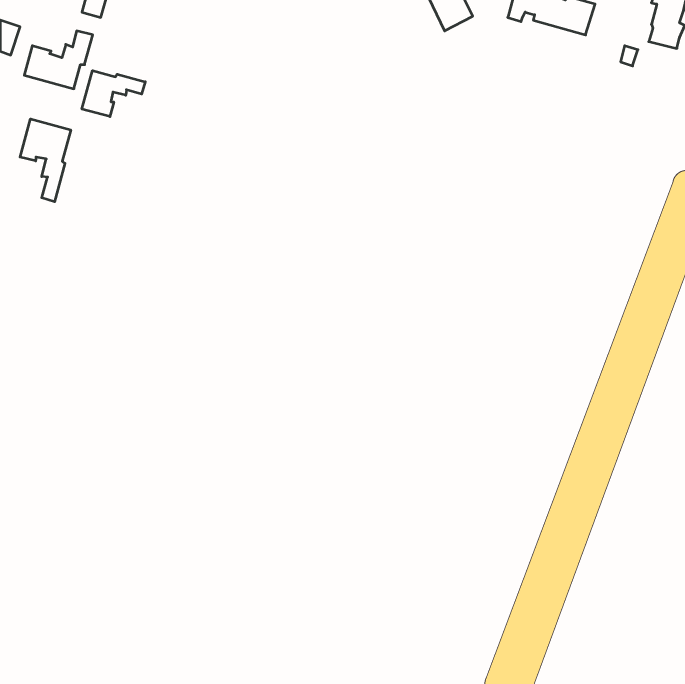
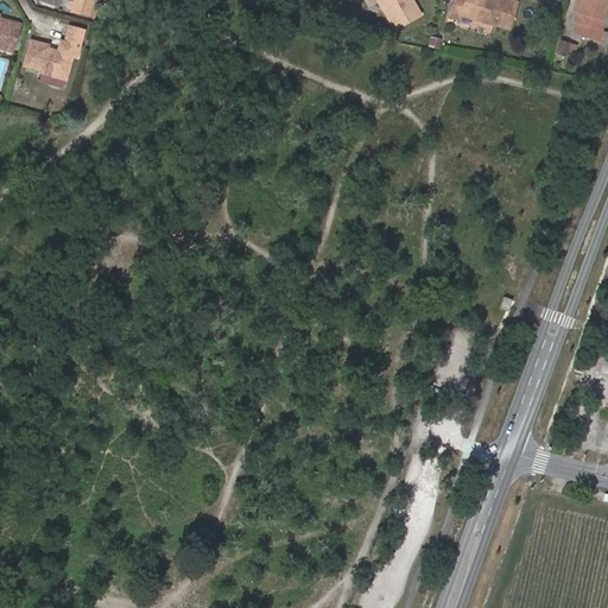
building: [82,71,145,117] -> none
building: [20,119,71,202] -> none

